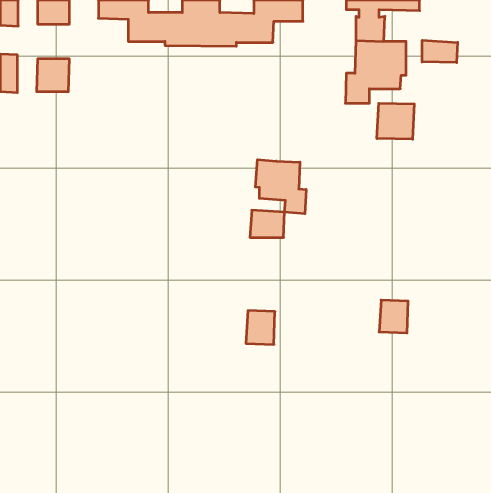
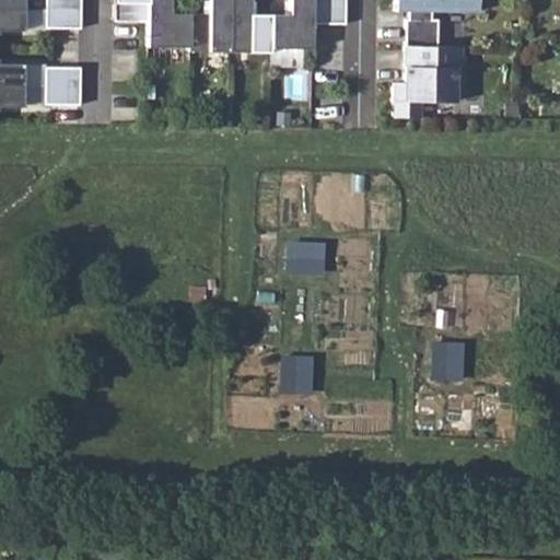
building: [422,40,458,63] -> none
building: [377,103,414,139] -> none
building: [255,160,306,214] -> none

